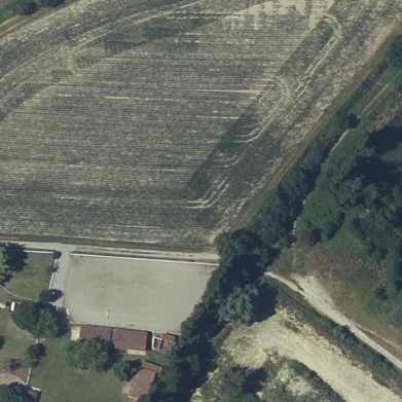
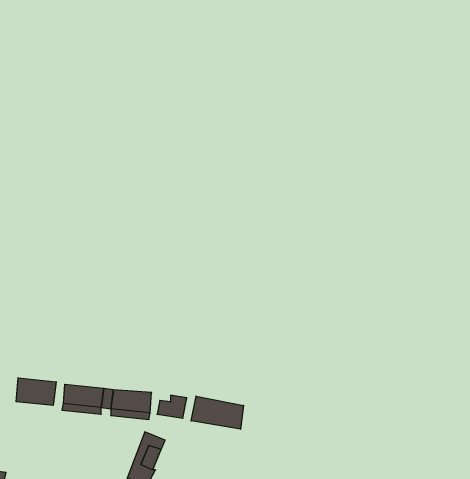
building: none -> [16,378,56,405]
building: none -> [191,396,244,429]

